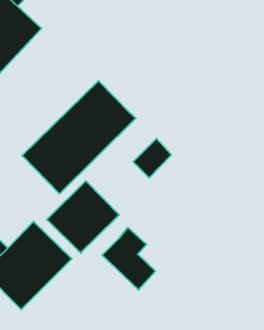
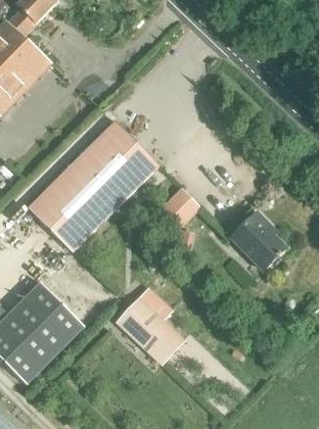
building: none -> [231,210,287,270]
building: [47,181,119,253] -> none

